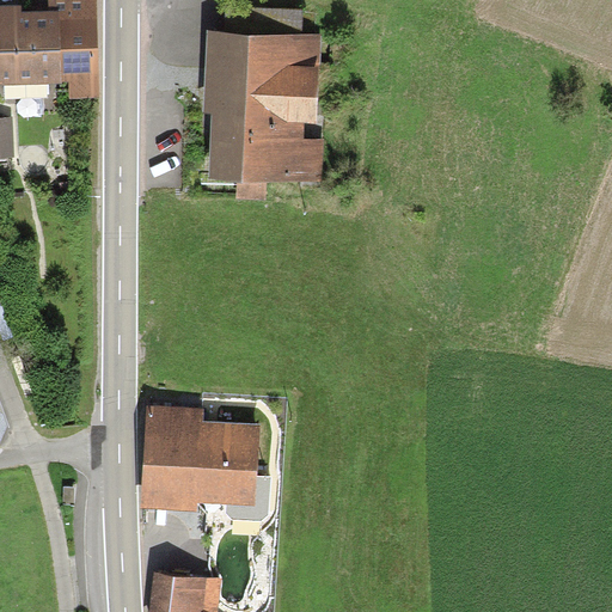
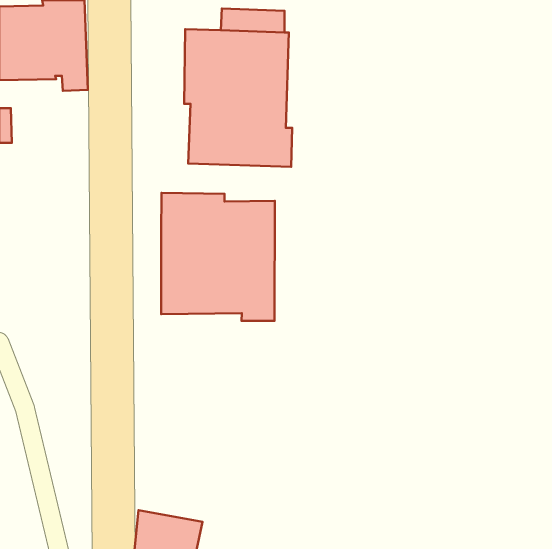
building: none -> [161,193,275,321]
building: [141,400,257,506] -> none

